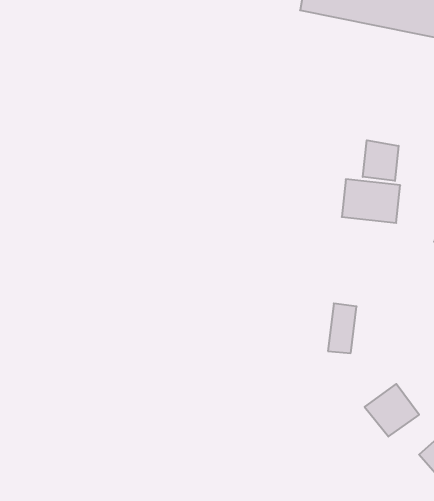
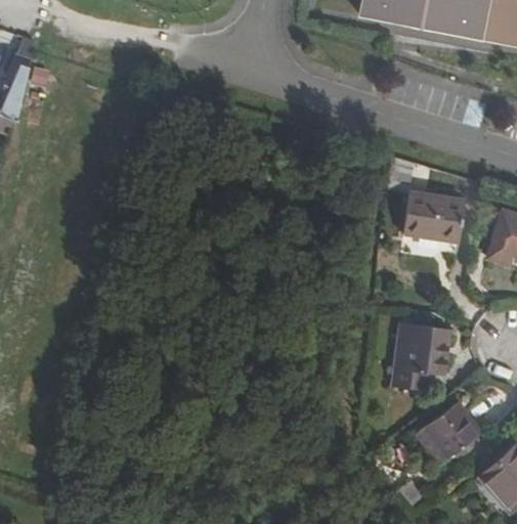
building: [363,140,399,181] -> none
building: none -> [385,321,450,391]

